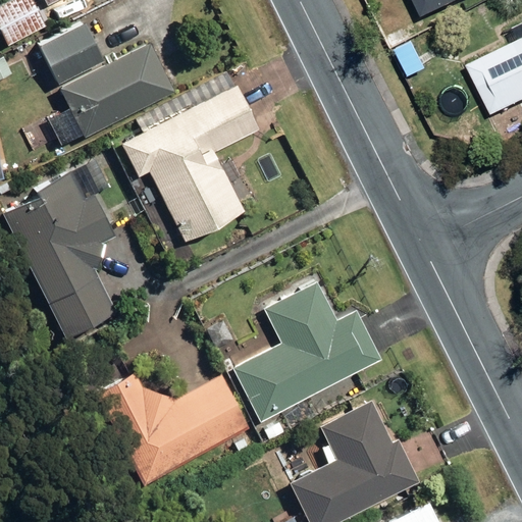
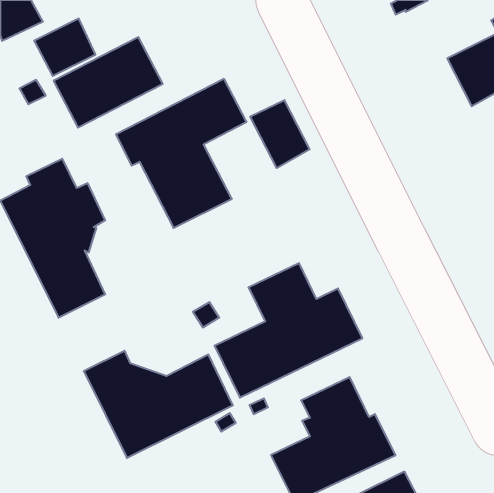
building: none -> [250,100,310,168]

